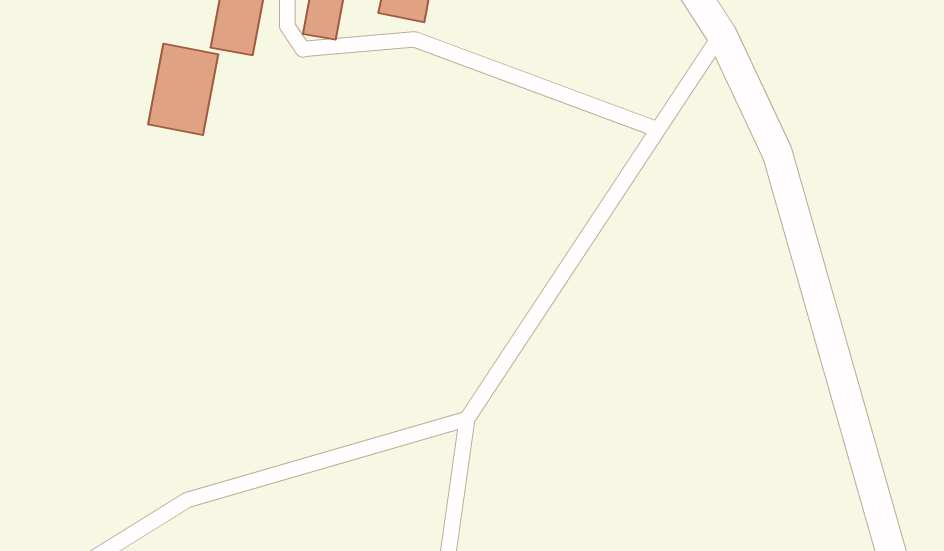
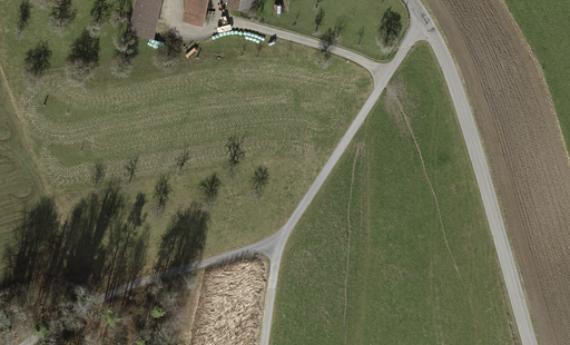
building: [148,44,218,135] -> none

